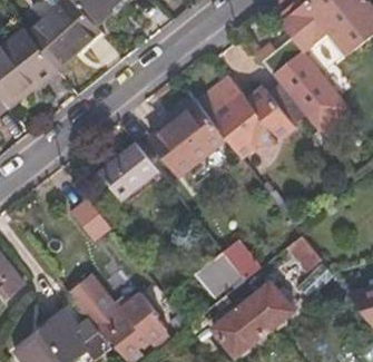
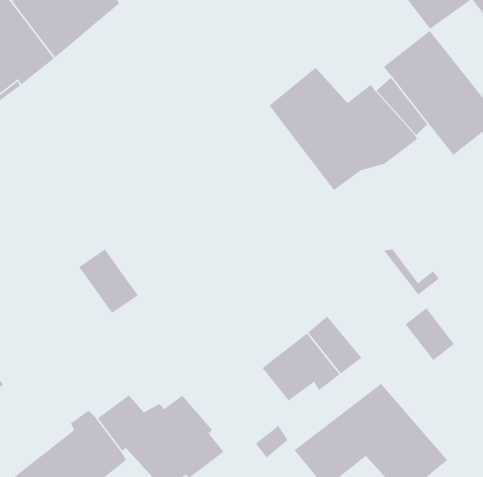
building: [149,100,224,173] -> none
building: [100,140,163,204] -> none

